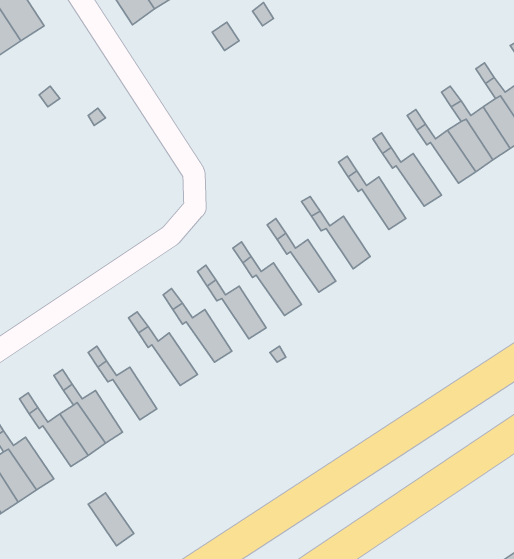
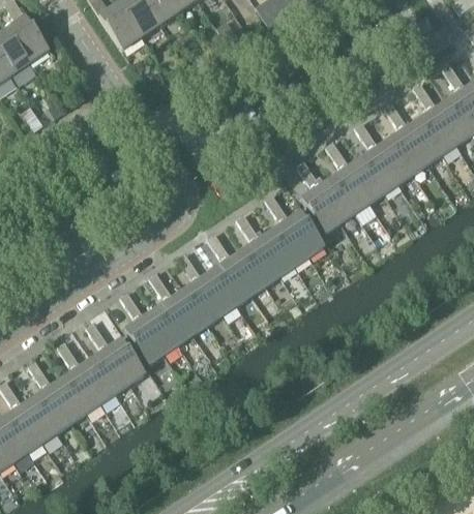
building: none -> [359,150,397,194]
building: none -> [330,170,368,214]
building: none -> [301,189,338,234]
building: none -> [270,222,308,267]
building: none -> [241,242,279,286]
building: none -> [212,262,250,306]
building: none -> [183,281,220,326]
building: none -> [153,301,191,345]
building: none -> [124,321,162,365]
building: none -> [91,350,128,394]
building: [88,493,134,546] -> [32,389,70,433]

